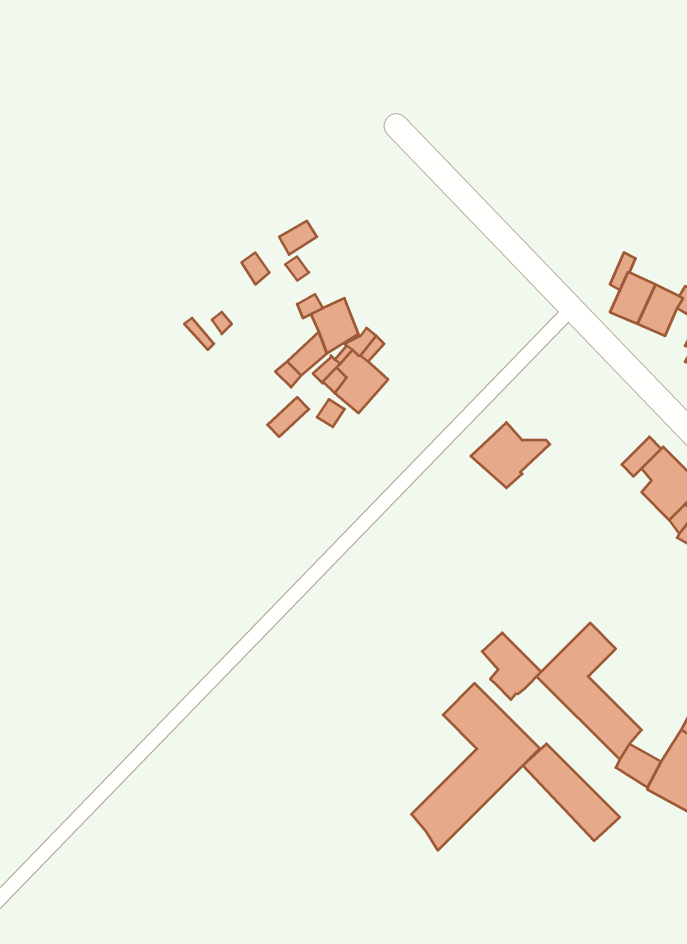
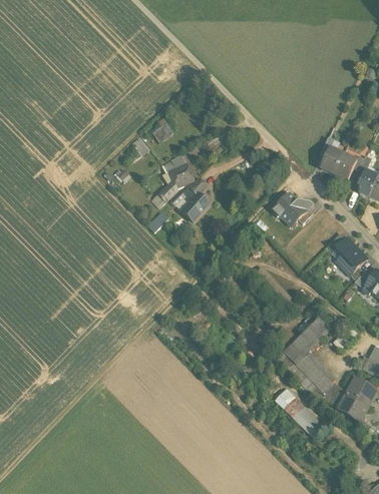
building: [471,422,550,488] -> [272,191,312,224]
building: [482,633,541,700] -> none
building: [411,683,540,850] -> none

